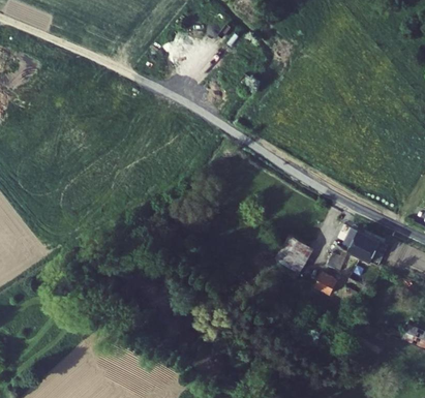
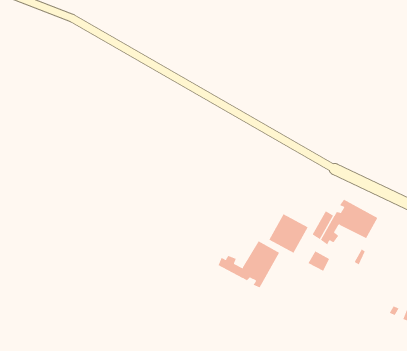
building: none -> [218,241,280,288]

